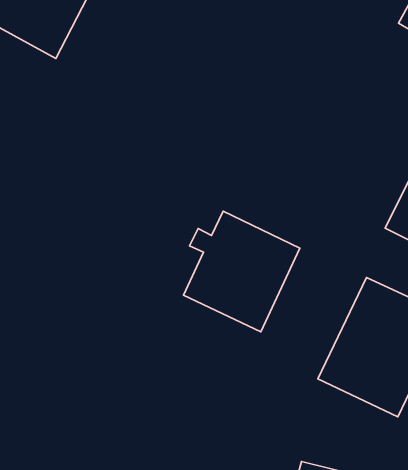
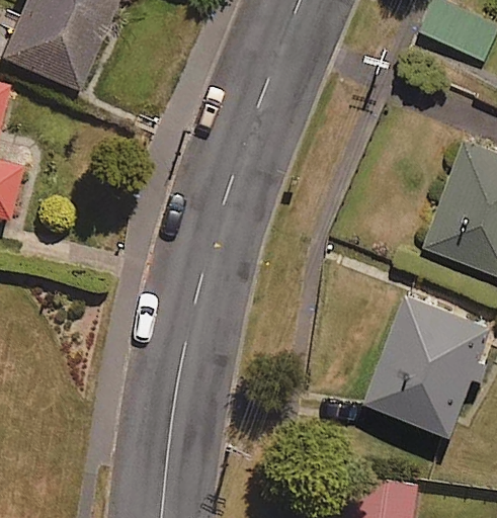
building: [183,211,300,332] -> none

